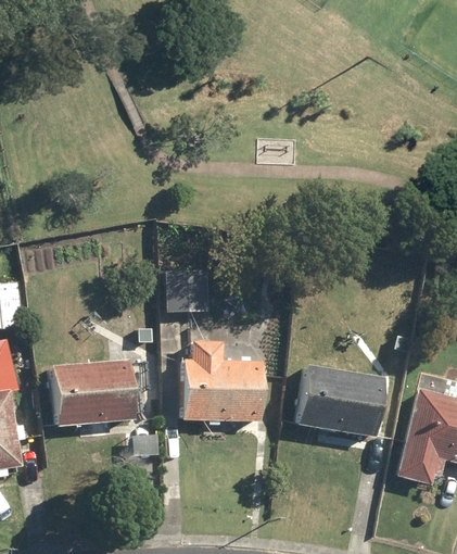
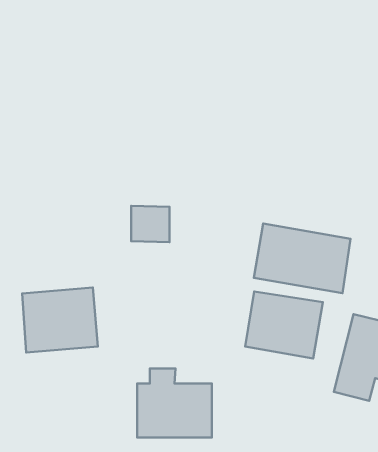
building: none -> [254,223,351,293]
building: [181,343,264,419] -> [137,369,212,437]

